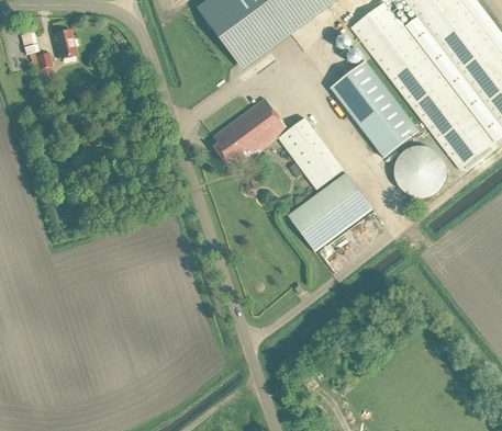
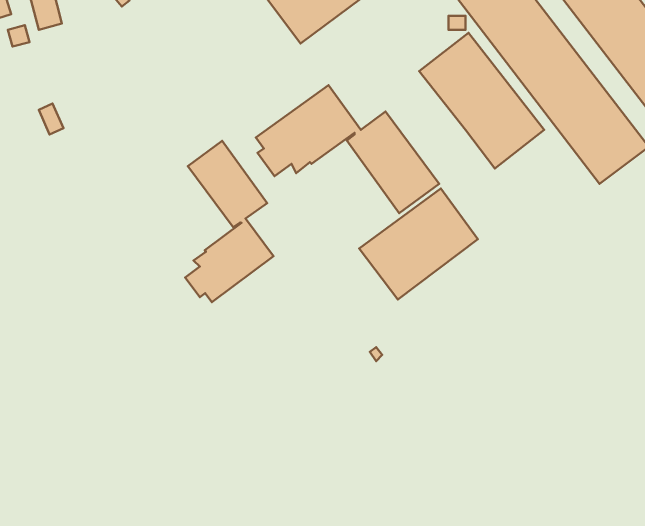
building: none -> [185,141,274,302]
building: [394,145,443,192] -> none

